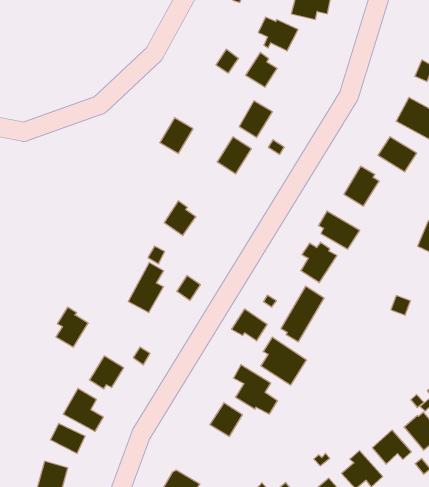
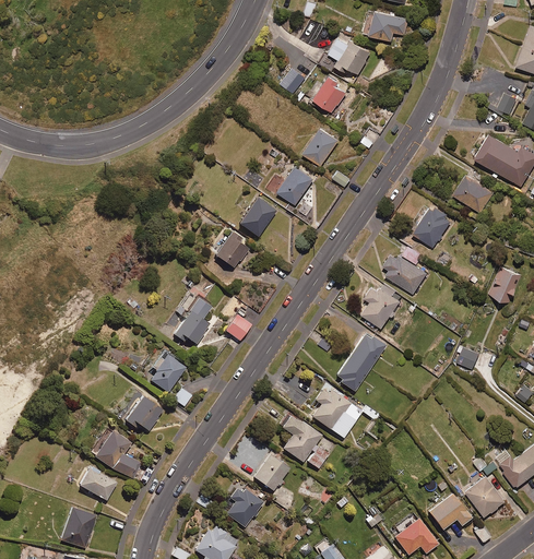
building: [160,118,193,154] -> [238,198,275,237]
building: [56,307,88,347] -> [149,349,185,393]
building: [232,309,267,341] -> none
building: none -> [226,485,262,527]

